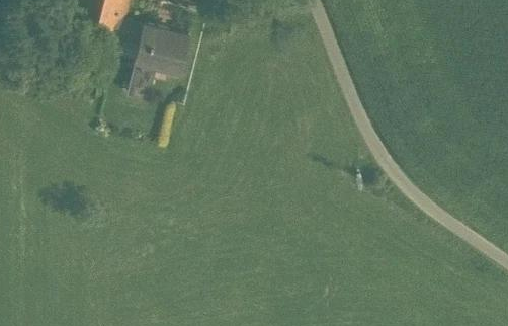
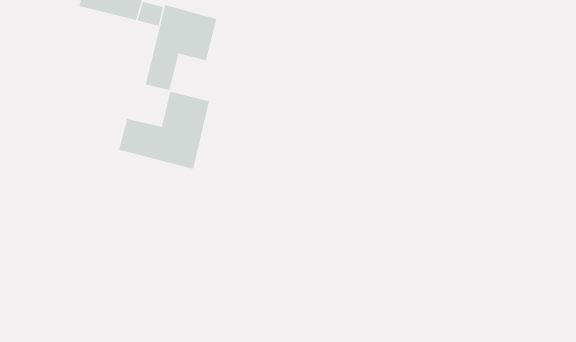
building: none -> [118,91,210,169]

